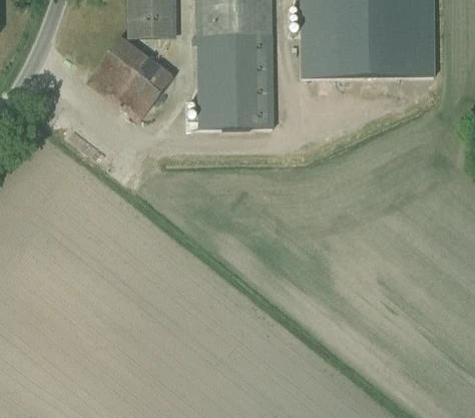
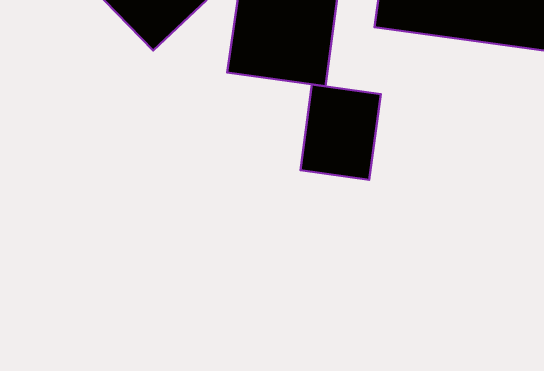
building: none -> [300,84,381,180]

